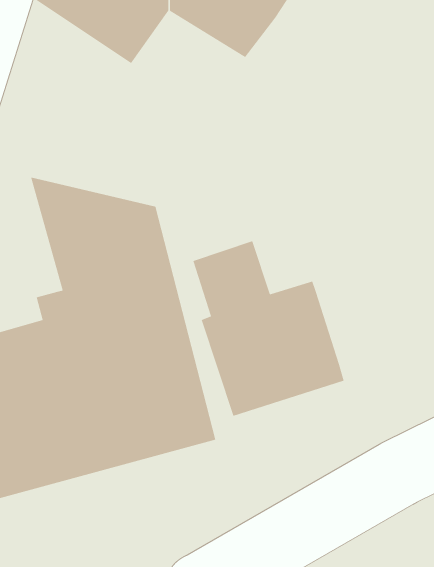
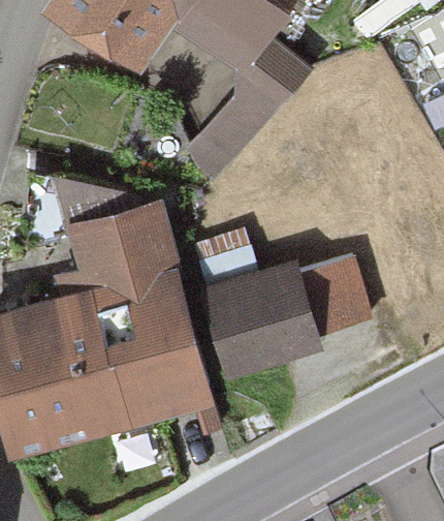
building: none -> [187,31,312,186]
building: none -> [300,256,373,335]

